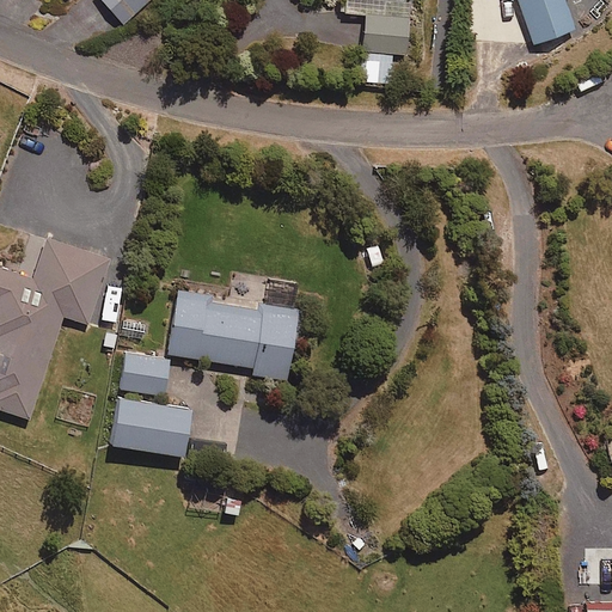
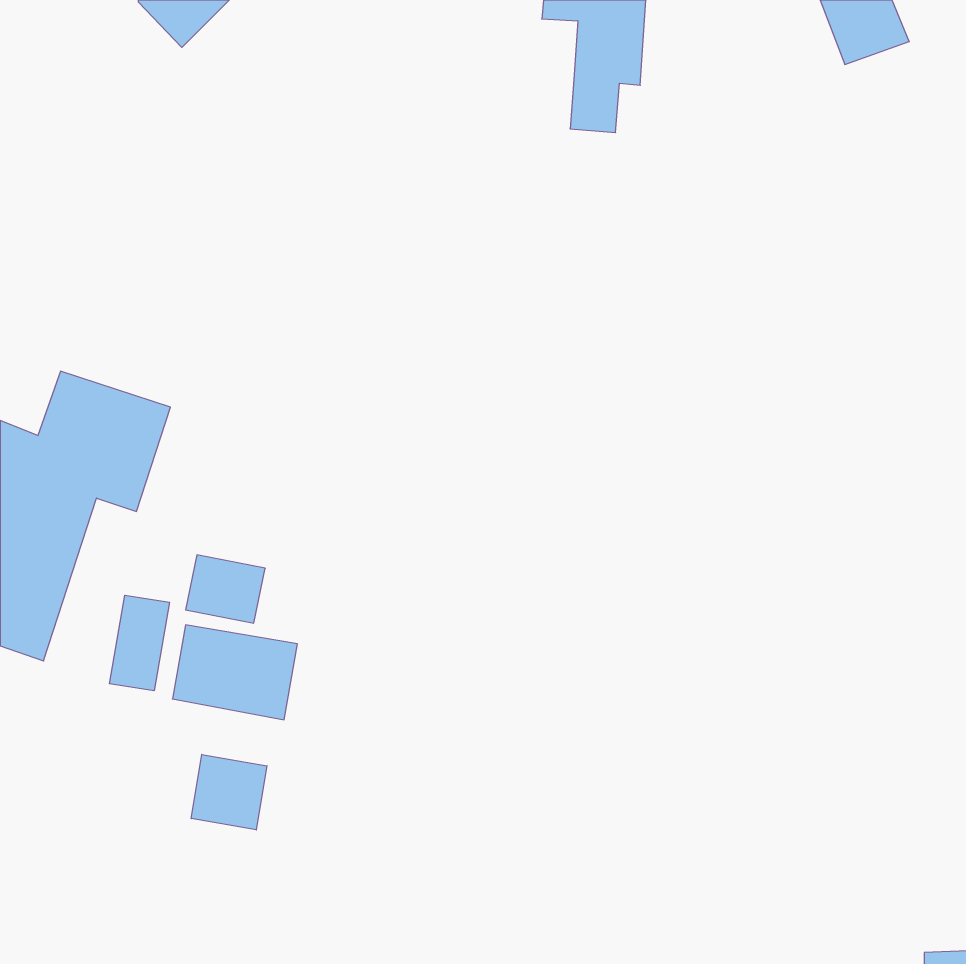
building: [169,293,295,381] -> none
building: none -> [109,595,170,691]
building: none -> [191,754,267,830]

